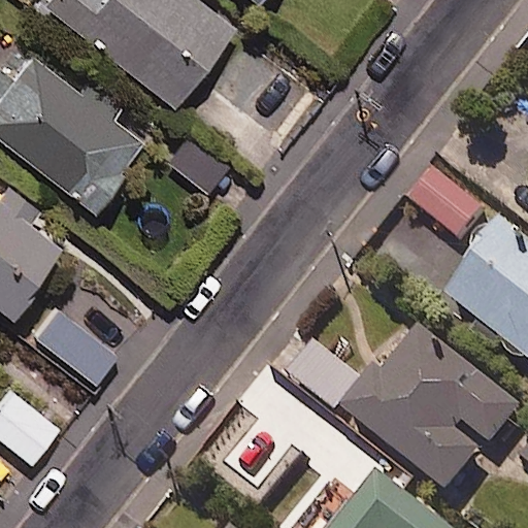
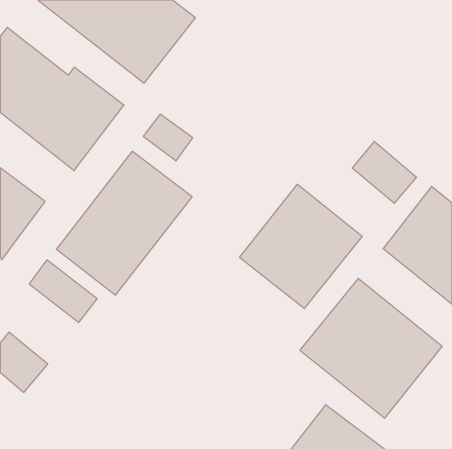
building: none -> [57,151,192,295]
building: none -> [239,184,362,309]

